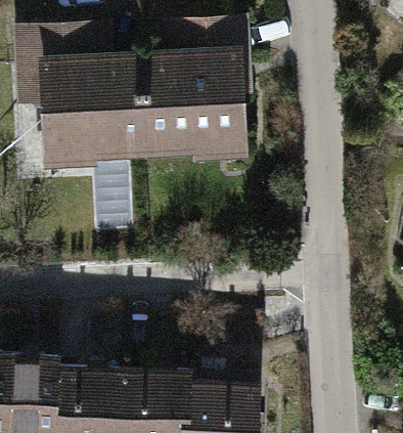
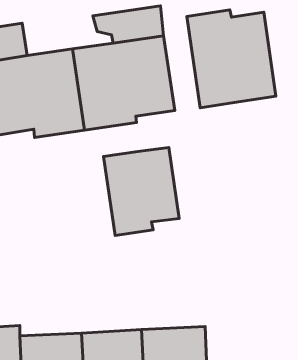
building: none -> [187,10,276,108]
building: none -> [103,147,179,235]

